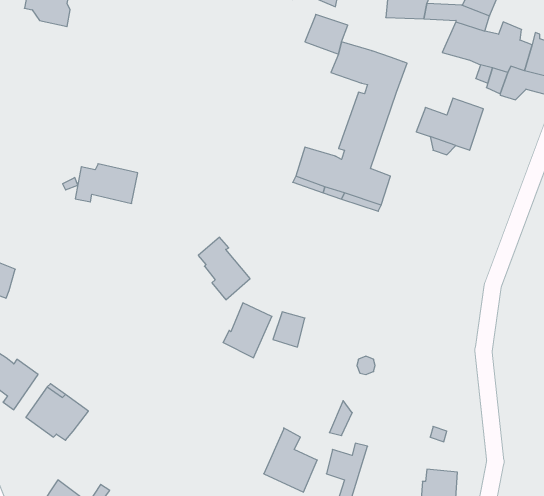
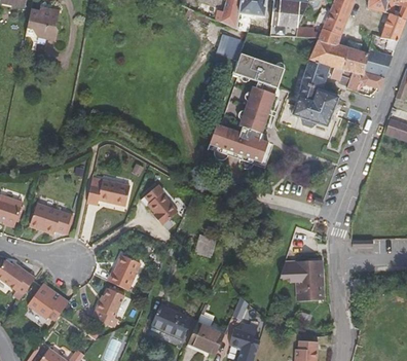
building: none -> [297,59,327,101]
building: [75,164,138,203] -> [87,179,130,206]
building: none -> [30,202,72,233]
building: [223,303,272,358] -> [108,253,141,290]
building: none -> [295,259,325,299]
building: none -> [95,287,124,326]
building: none -> [151,302,192,338]

